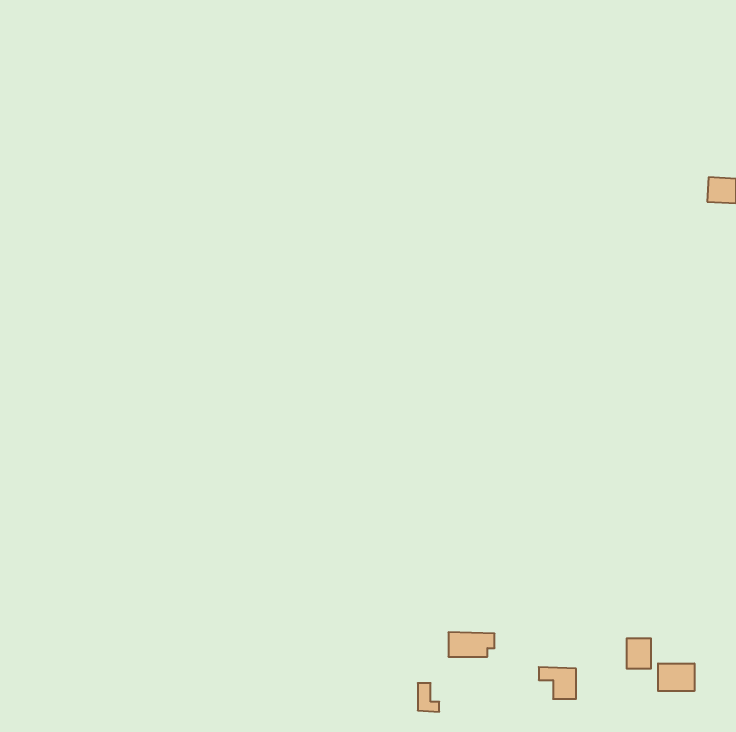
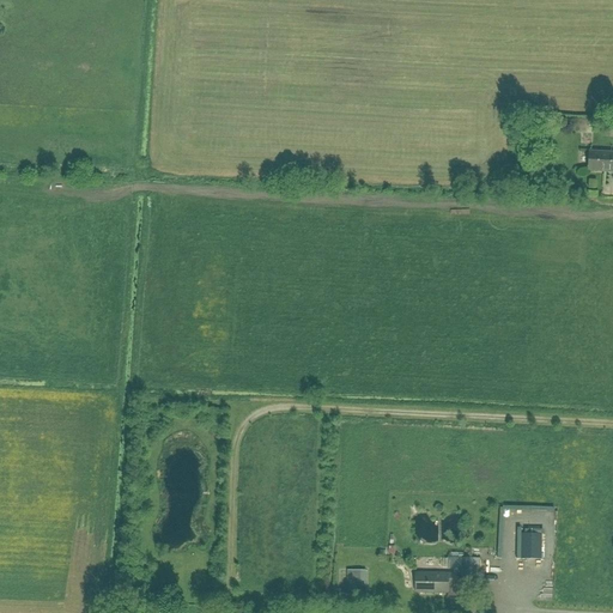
building: [448,632,495,657] -> [415,569,454,589]
building: [658,663,694,691] -> none

